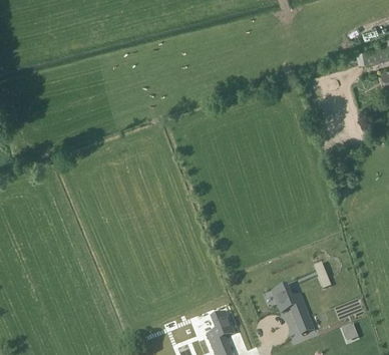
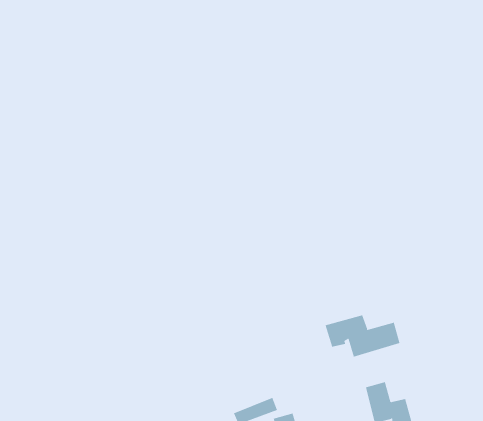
building: none -> [325,314,400,358]

